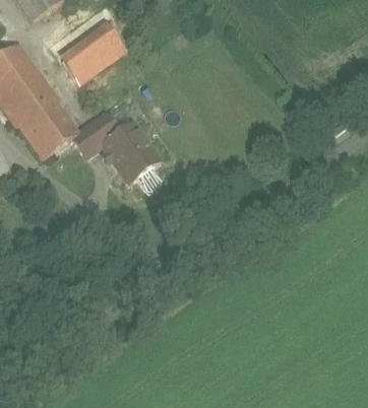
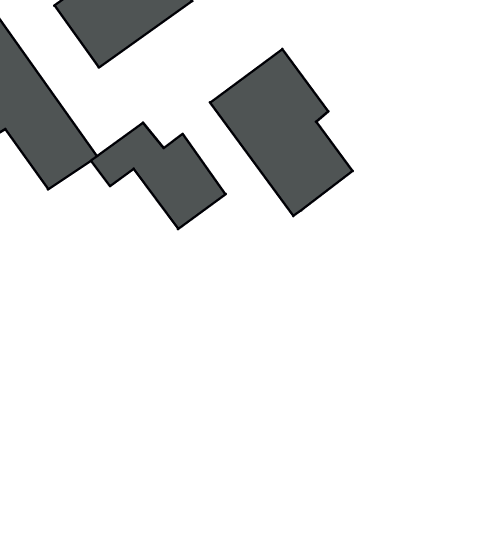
building: none -> [210,49,353,216]

